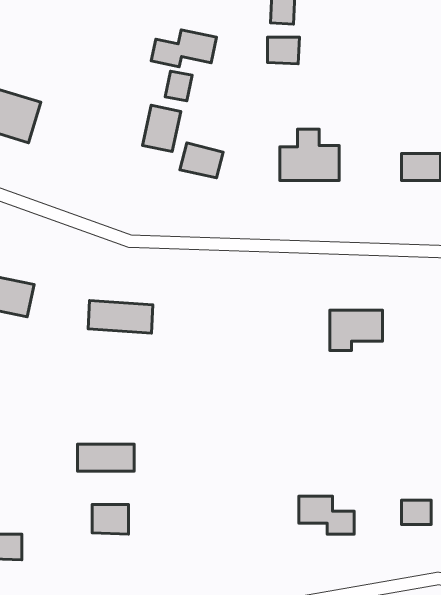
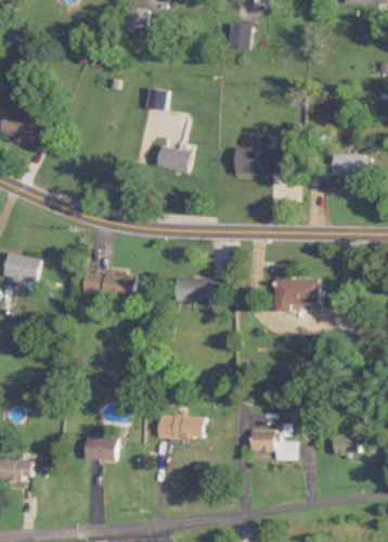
building: [151,30,216,67] -> none
building: [267,37,299,64] -> none
building: [143,105,181,152] -> none
building: none -> [176,279,225,300]
building: [77,444,134,471] -> [157,415,203,437]

